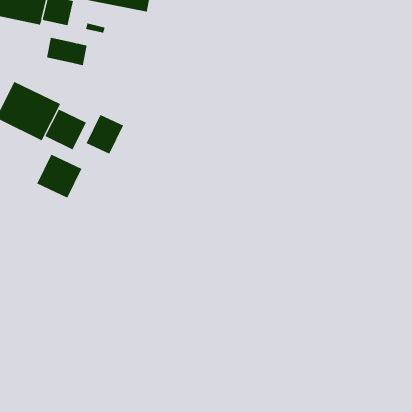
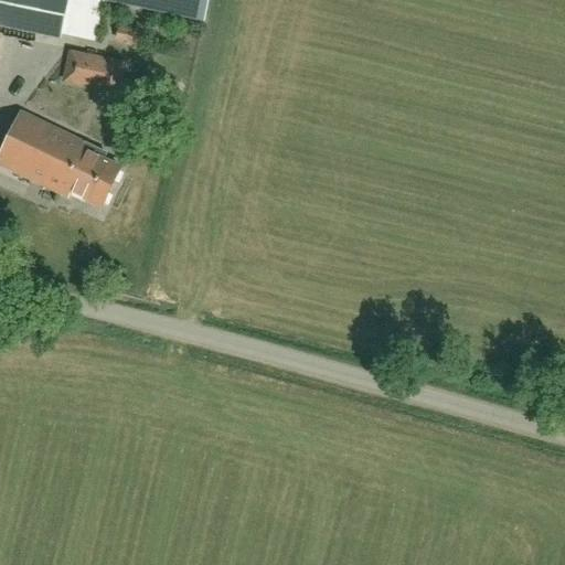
building: [86,114,124,154] -> none
building: [37,154,82,198] -> none

